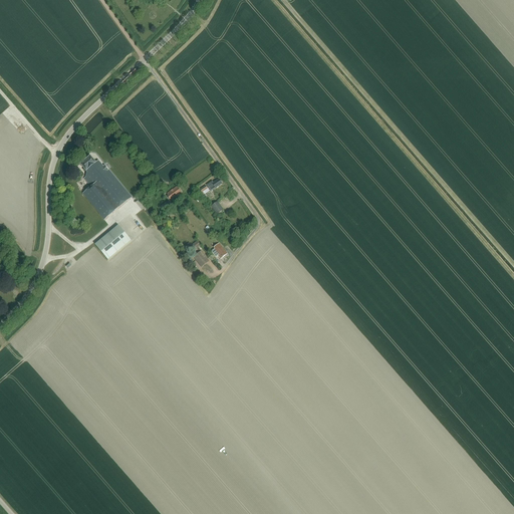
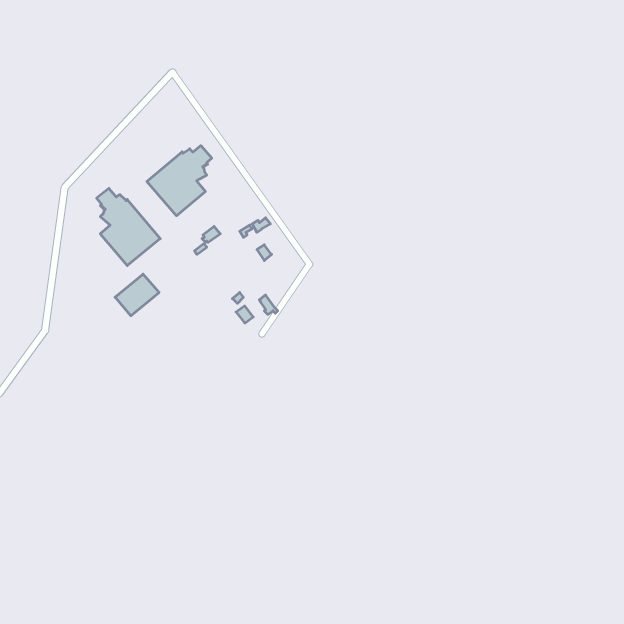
building: none -> [147,146,212,216]

